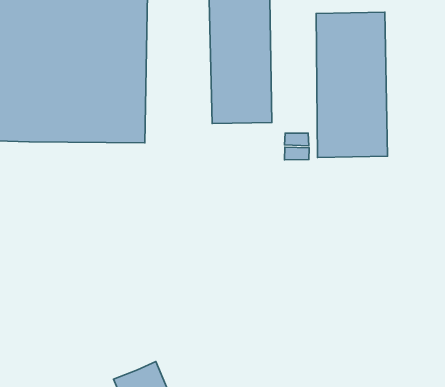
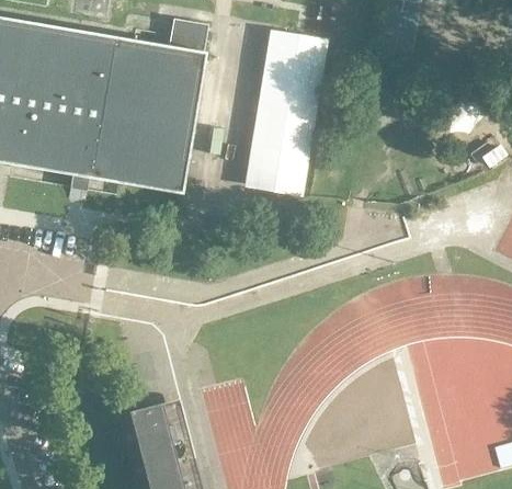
building: [316,12,387,157] -> none

